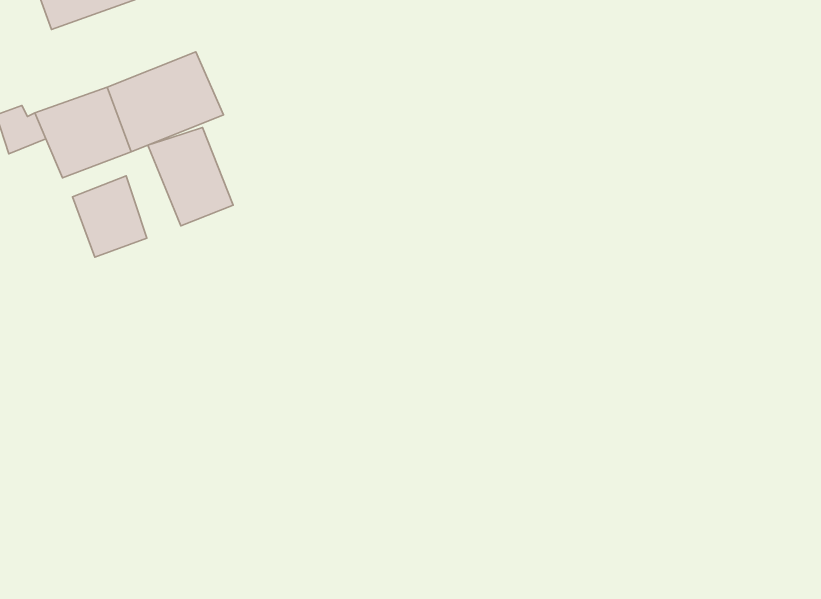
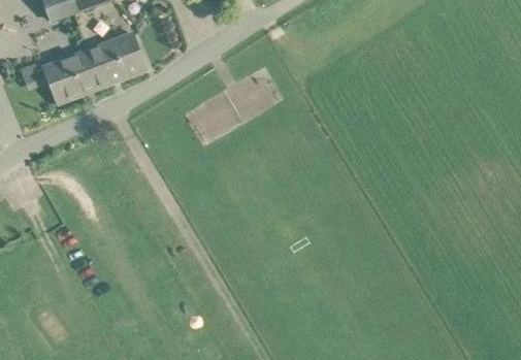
building: [148,127,233,226] -> none
building: [73,176,147,257] -> none

